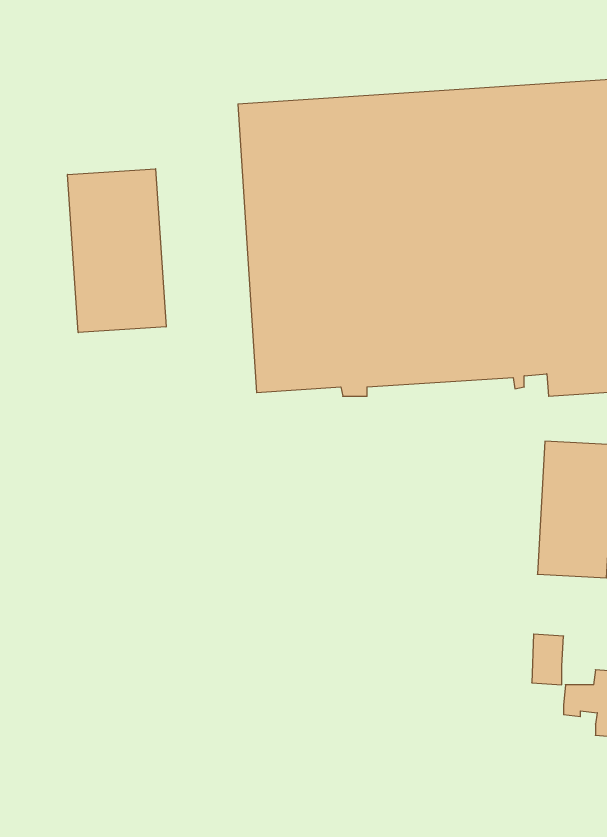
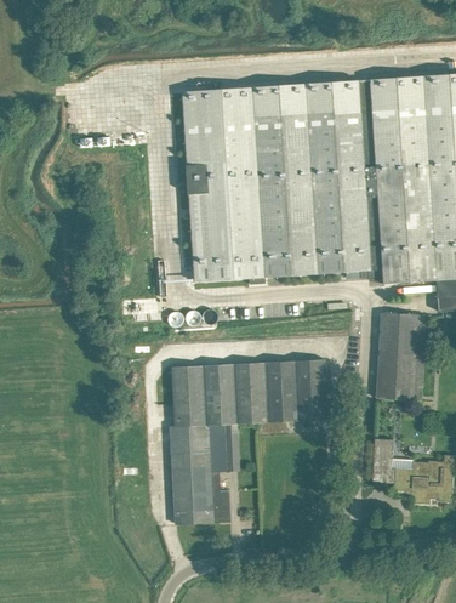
building: [68,169,166,333] -> none
building: none -> [169,358,326,523]

